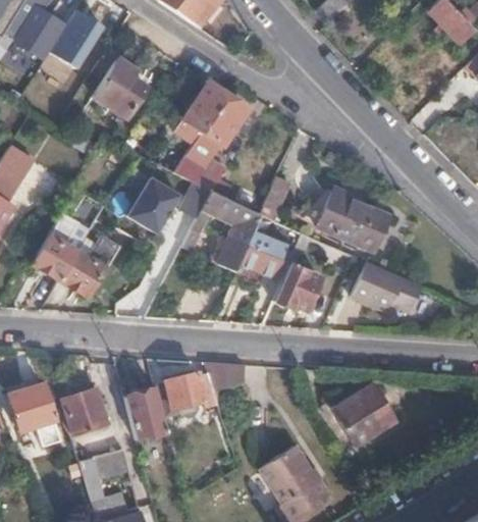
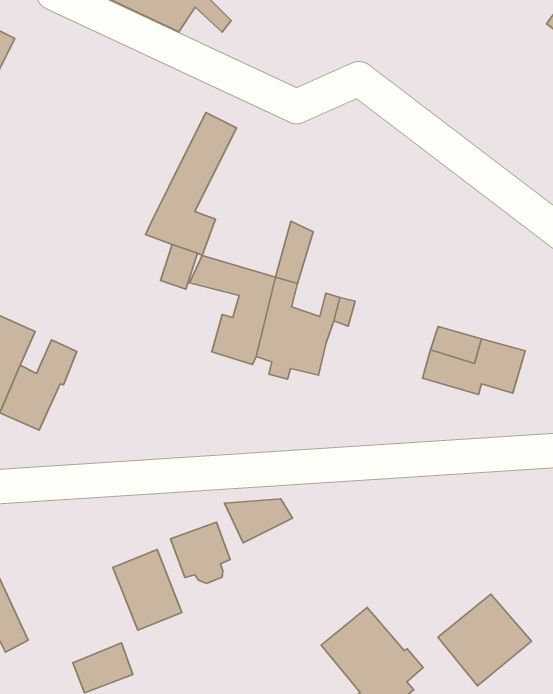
building: [95,58,152,117] -> none
building: [176,81,228,142] -> none
building: [129,177,181,233] -> none
building: [318,189,389,251] -> none
building: [273,262,321,310] -> none
building: [332,383,395,445] -> [438,594,531,686]
building: [62,388,106,432] -> none

